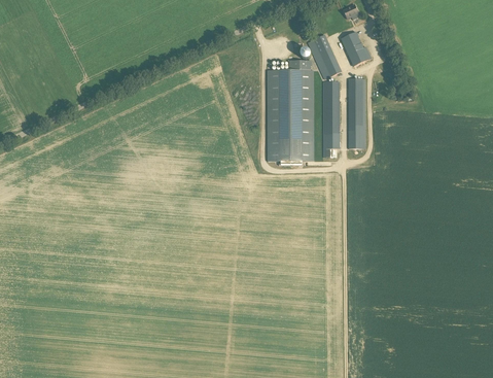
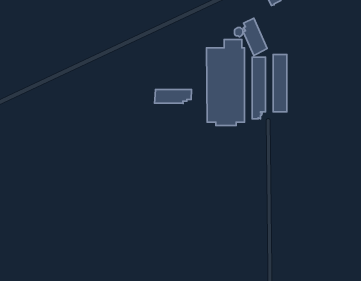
building: [341,31,367,66] -> none
building: none -> [155,89,192,103]

